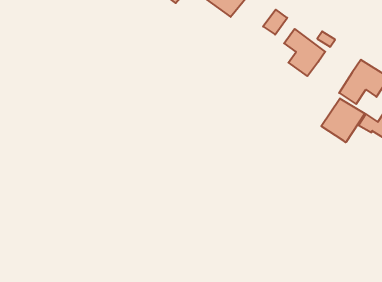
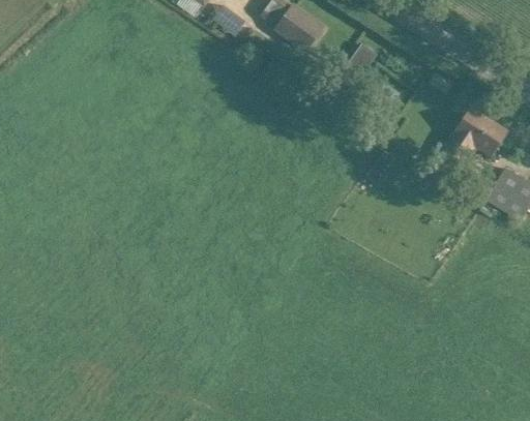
building: [284,29,325,76] -> none
building: [321,98,365,142] -> none

